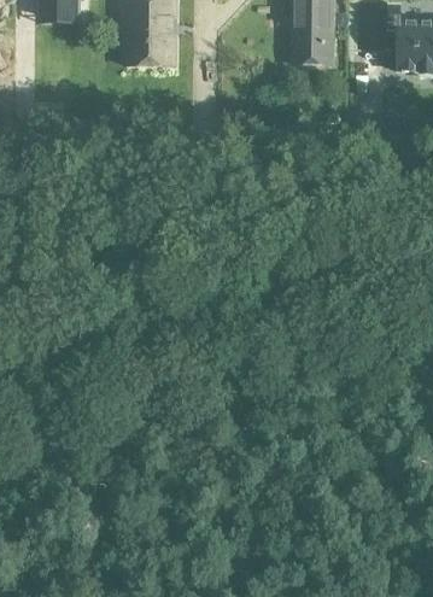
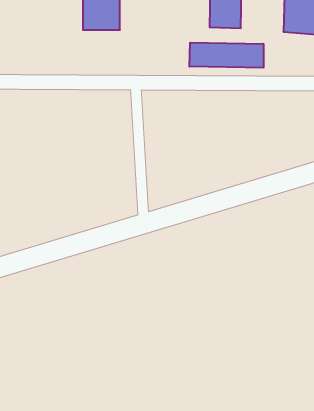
building: none -> [189,43,264,68]

